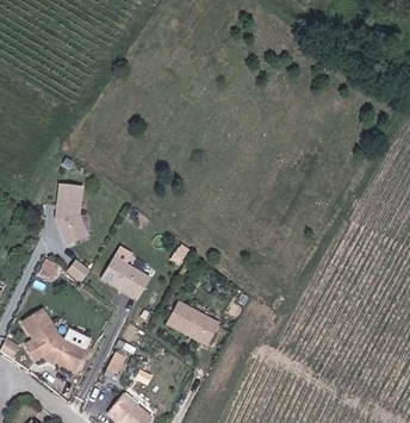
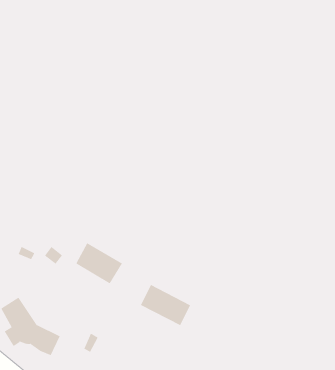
building: [55,181,88,243] -> none

